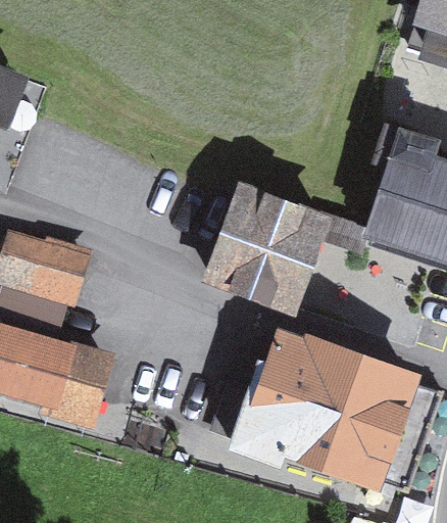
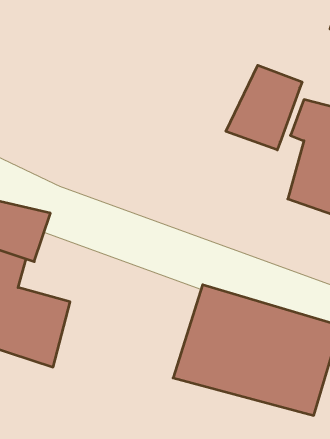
building: none -> [226,65,302,150]
building: [199,182,331,315] -> none

